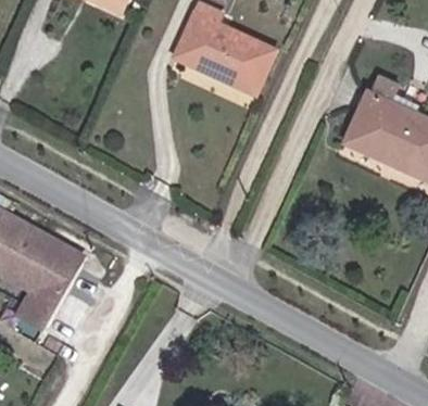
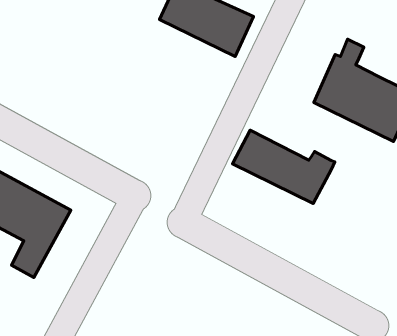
building: none -> [233,130,335,203]

